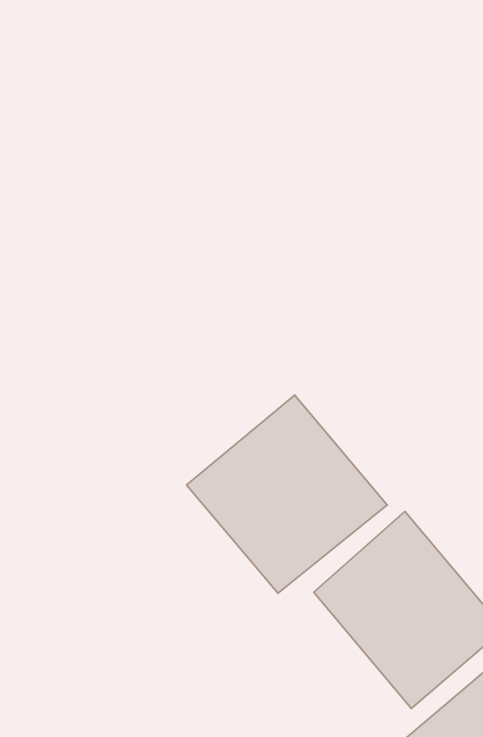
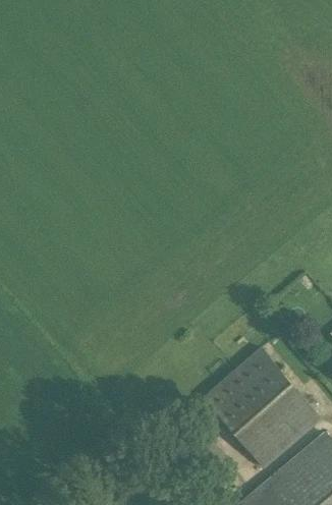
building: [187,395,387,593] -> none

